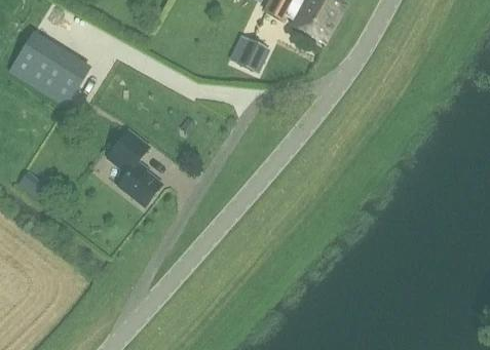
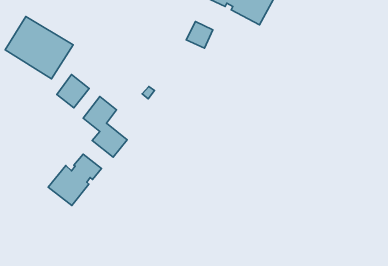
building: none -> [57,74,89,108]
building: none -> [48,154,102,206]

